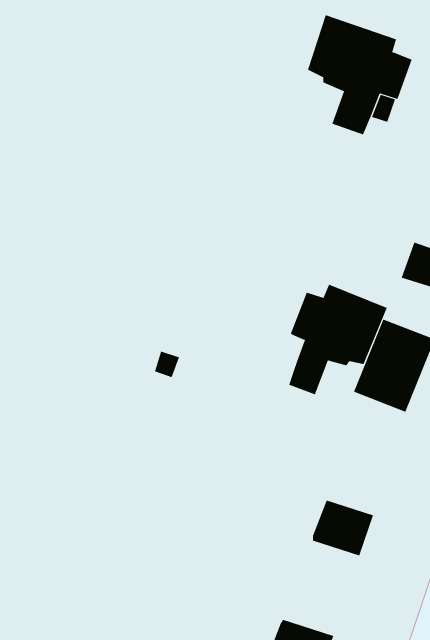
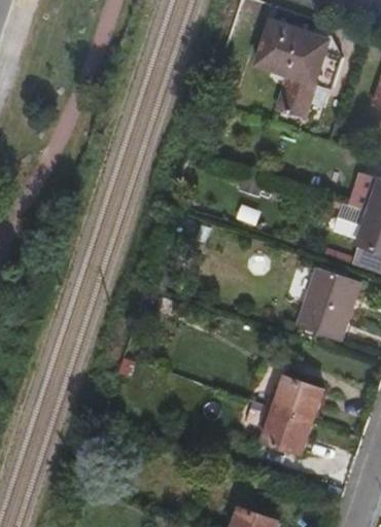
building: [289,284,387,395] -> none
building: none -> [272,375,321,421]

